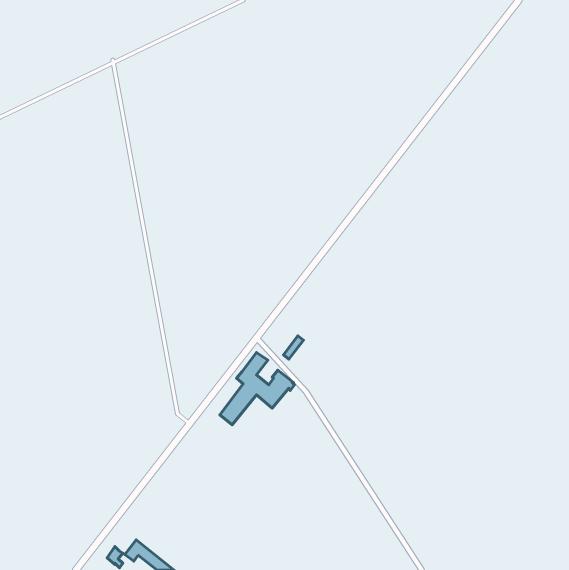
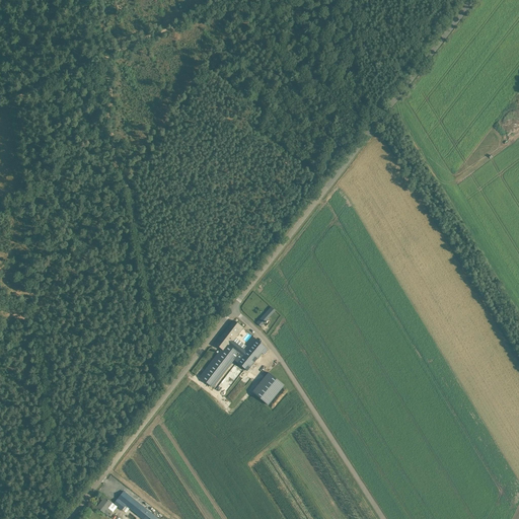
building: none -> [253,373,285,405]

